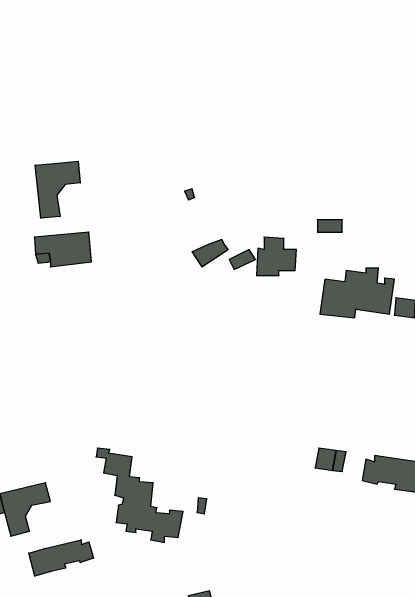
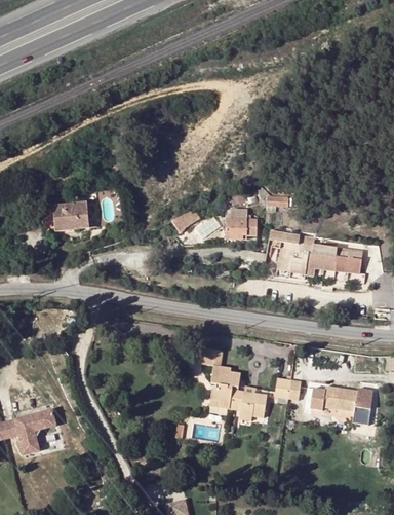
building: [35,161,80,218] -> none
building: [96,448,183,542] -> [194,343,266,421]
building: [29,540,93,576] -> none

